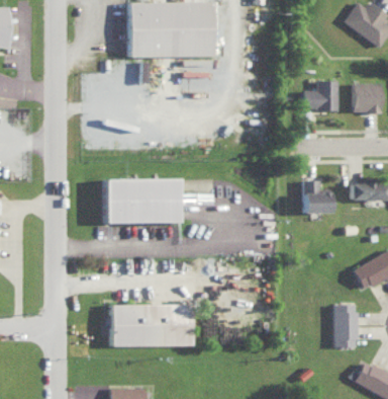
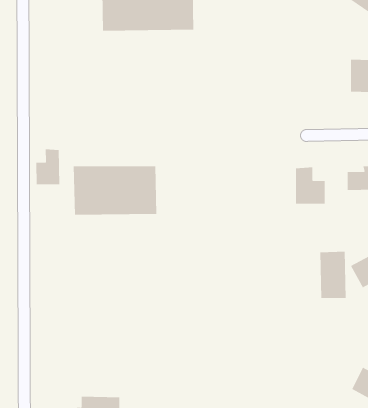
building: [303,81,336,110] -> none
building: none -> [36,149,60,185]
building: [110,305,192,347] -> none
building: [332,305,357,347] -> [320,251,346,298]

